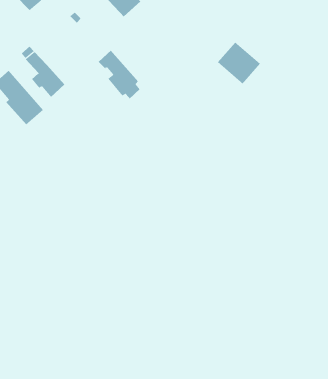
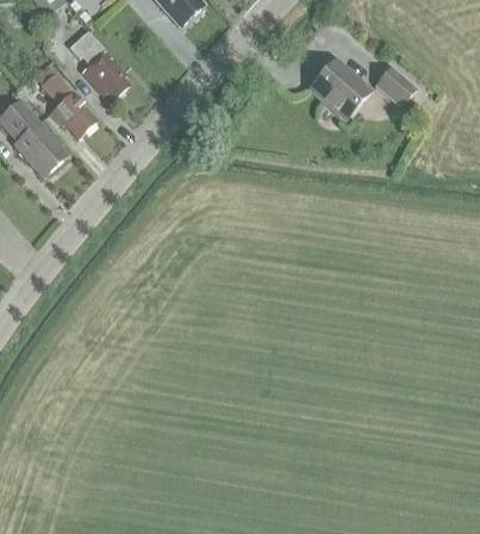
building: none -> [374,66,416,107]
building: [98,50,141,99] -> [69,29,129,98]

